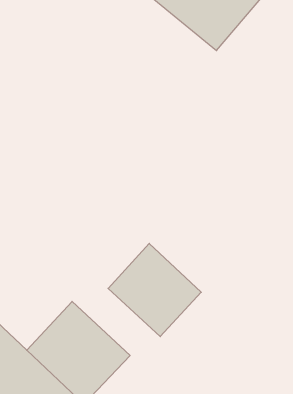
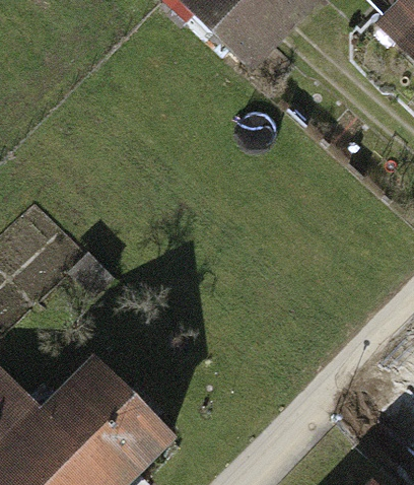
building: [108,243,201,337] -> none

